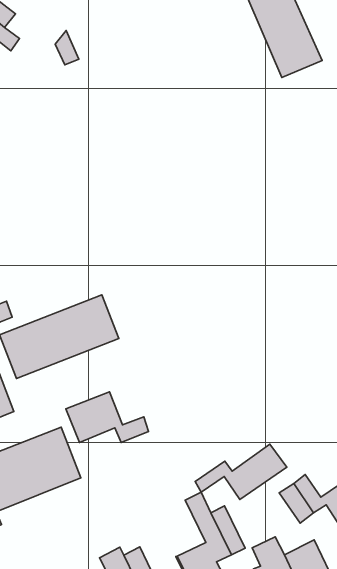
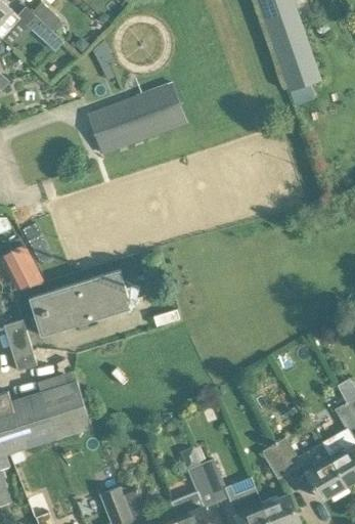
building: none -> [86,83,186,154]
building: [66,392,149,443] -> none
building: [195,444,287,499] -> none

